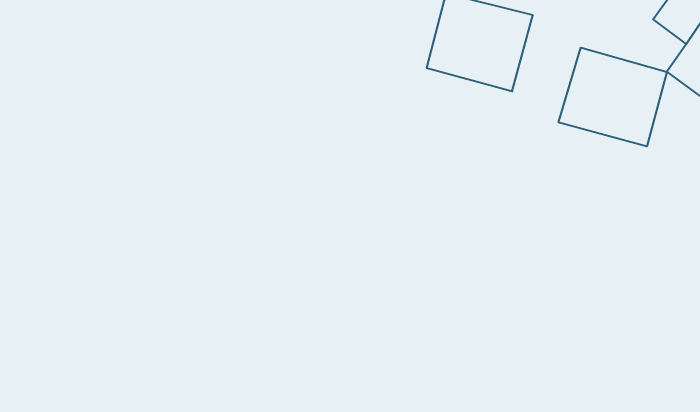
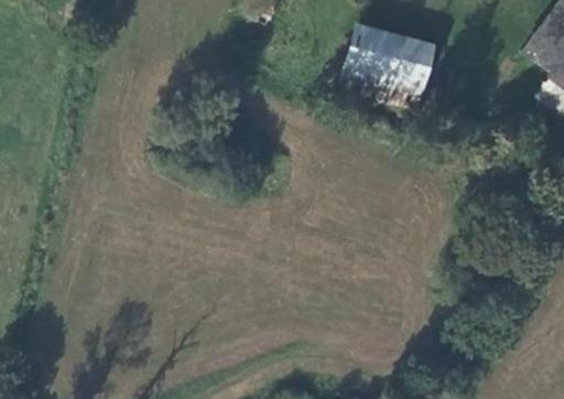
building: [559,48,667,146] -> none

